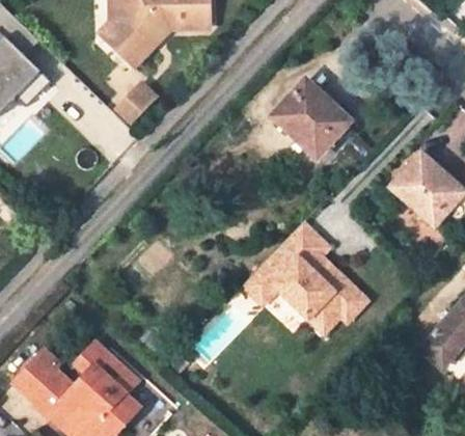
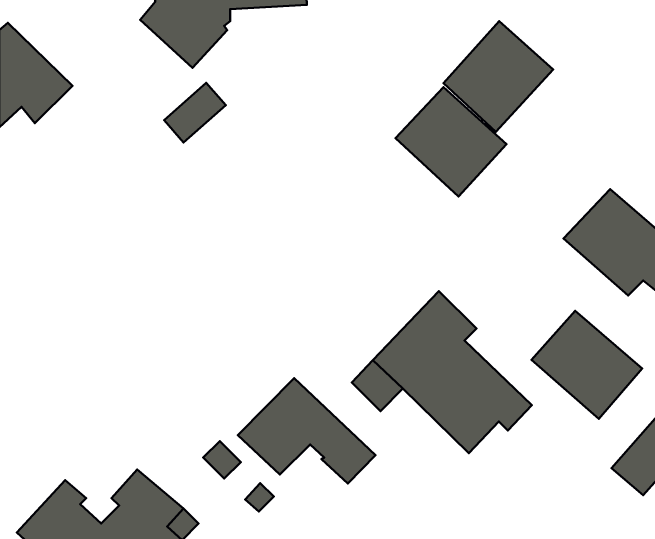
building: none -> [443,21,553,132]
building: none -> [532,311,642,419]
building: none -> [238,378,375,484]

